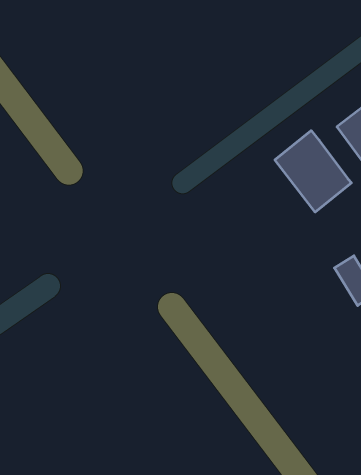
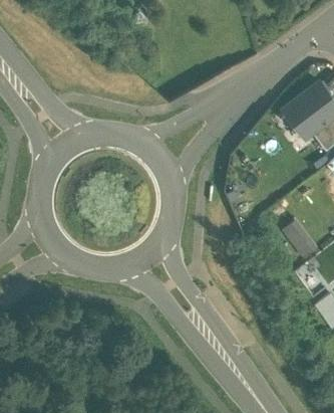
building: [275,131,351,212] -> none

